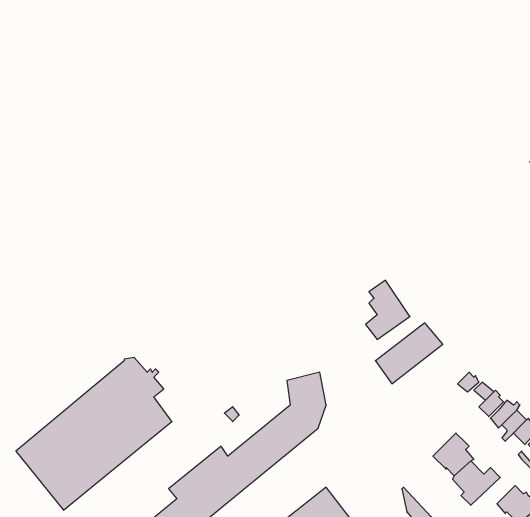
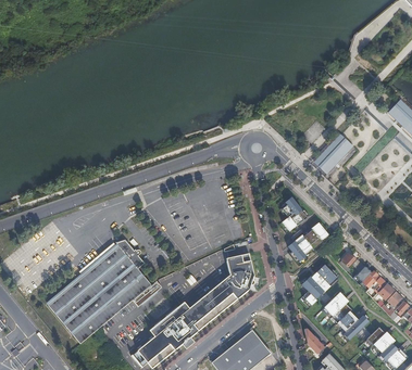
building: none -> [314,133,352,173]
building: none -> [301,264,337,306]

